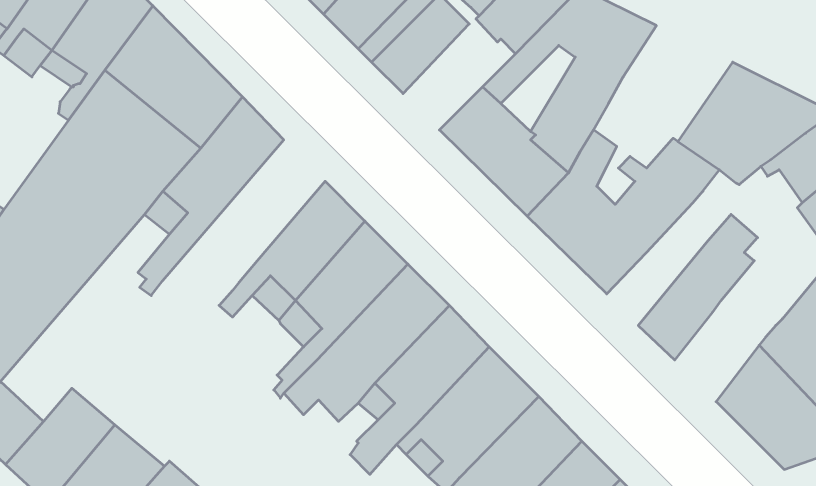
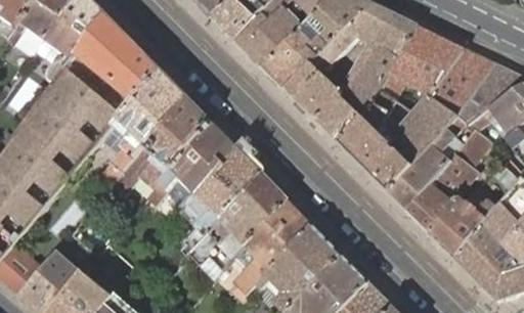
building: none -> [261,21,331,90]
building: none -> [388,26,465,97]
building: none -> [113,96,213,189]
building: none -> [387,115,467,211]
building: none -> [429,195,495,258]

